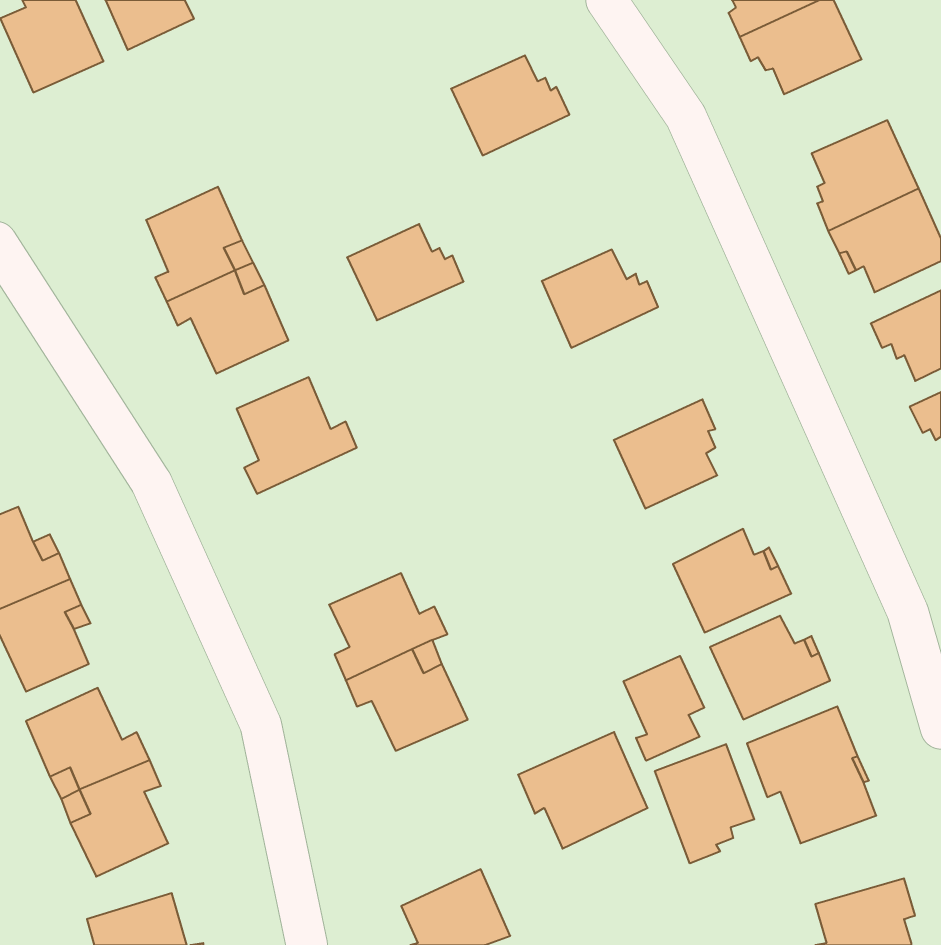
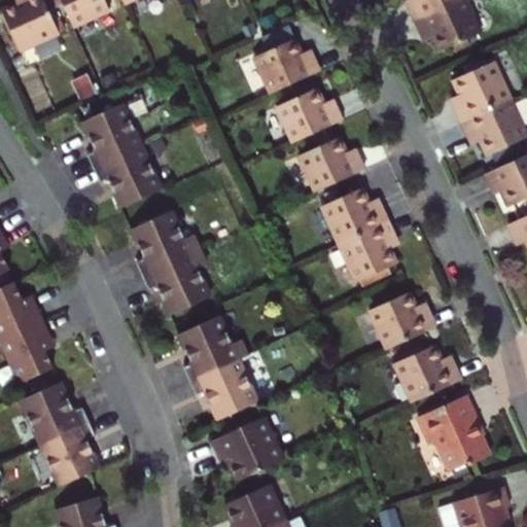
building: [347,224,464,320] -> [276,83,341,137]
building: none -> [325,189,391,245]
building: none -> [143,249,211,315]
building: [624,656,704,761] -> none
building: [518,732,648,849] -> [212,416,284,481]
building: [655,744,754,863] -> none

